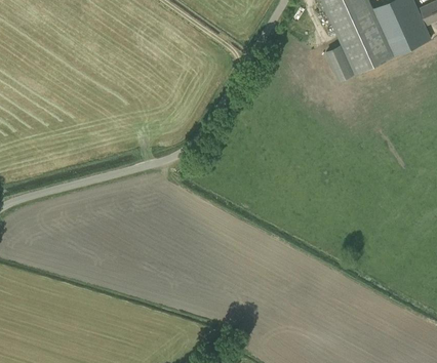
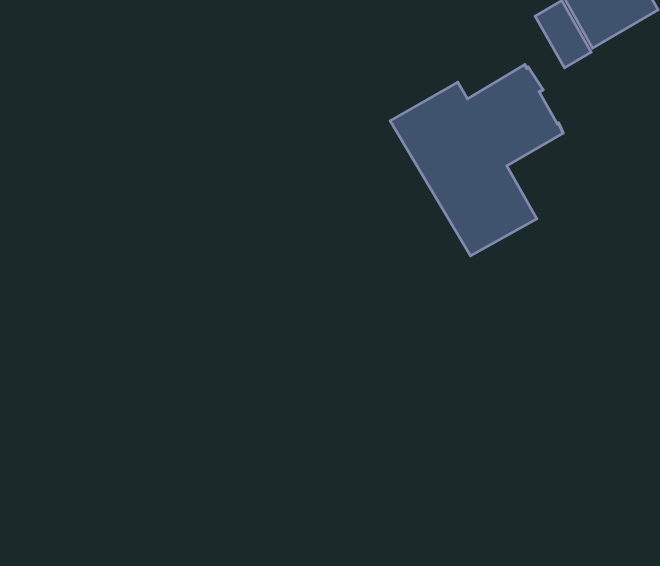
building: none -> [390,65,563,256]

